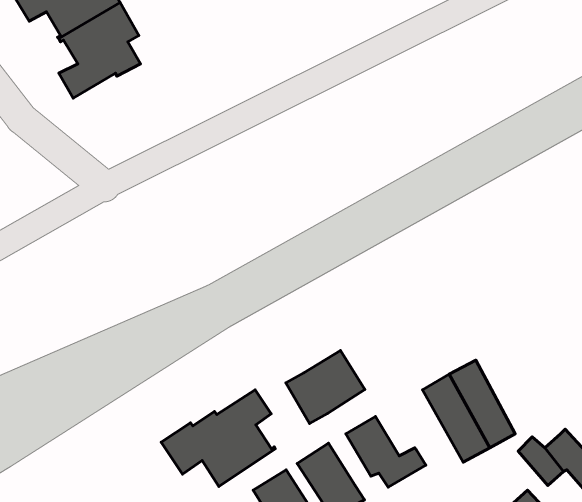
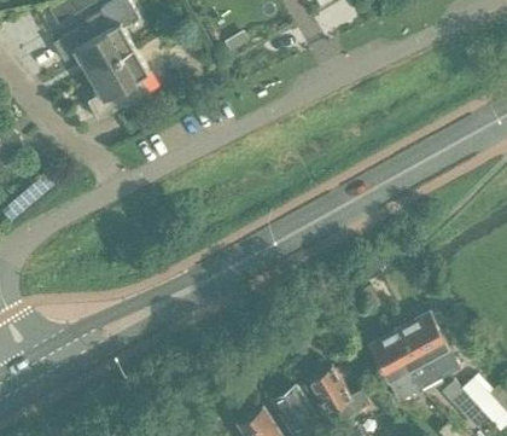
building: none -> [408,312,460,379]
building: [286,350,365,423] -> none
building: [161,390,275,487] -> none

